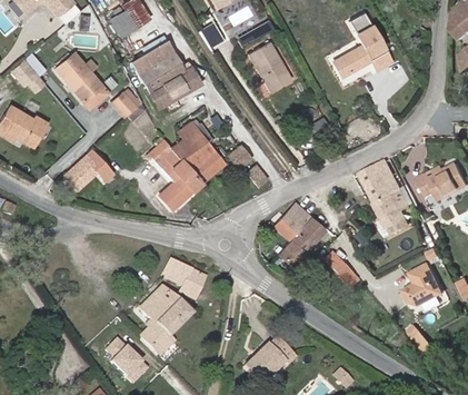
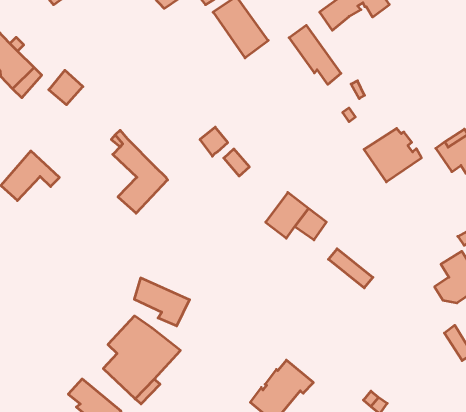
building: [132,40,199,101] -> none
building: none -> [289,25,341,84]
building: [171,121,225,184] -> none
building: [376,185,415,231] -> none
building: [278,230,313,265] -> none

